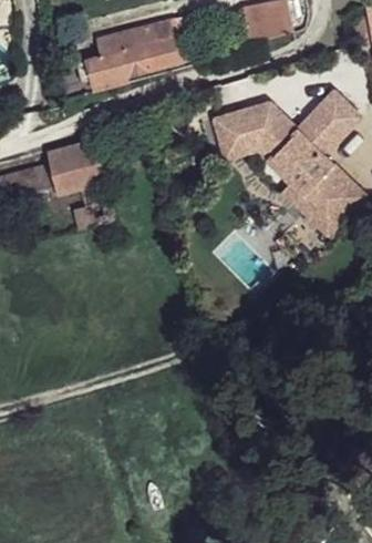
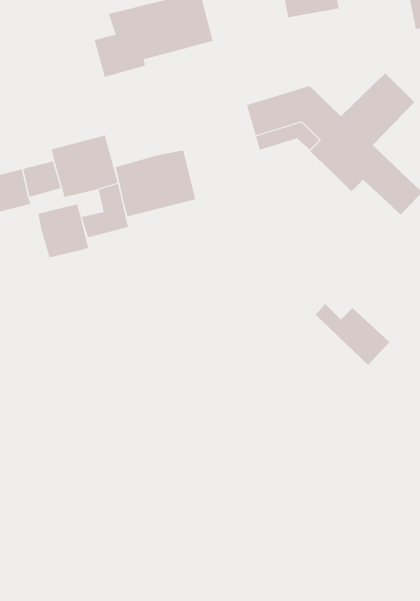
building: none -> [115,149,196,217]
building: [281,177,345,230] -> [315,303,390,366]
building: none -> [38,203,89,258]

